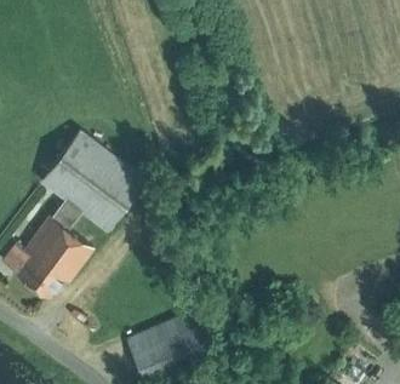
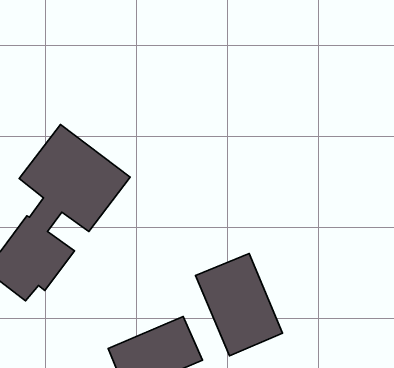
building: none -> [195,253,282,356]

